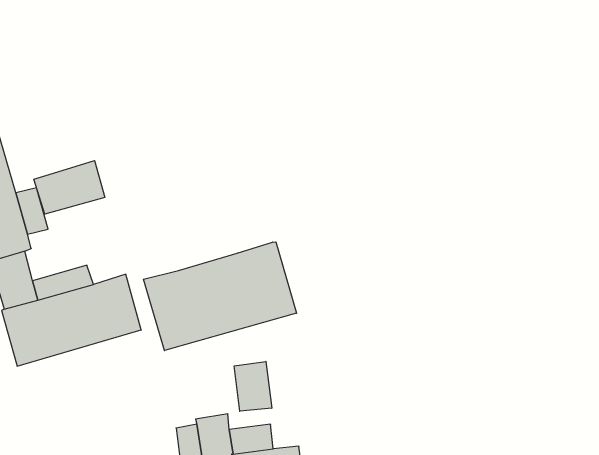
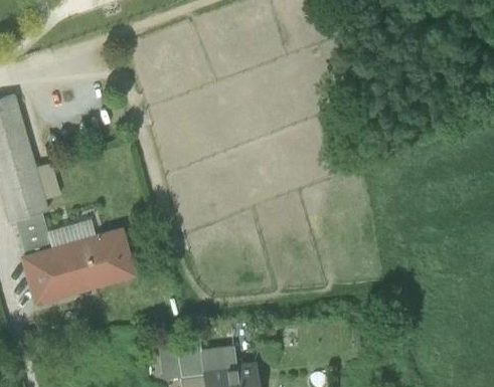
building: [34,161,105,214] -> none
building: [143,242,297,351] -> none
building: [234,361,272,411] -> none

